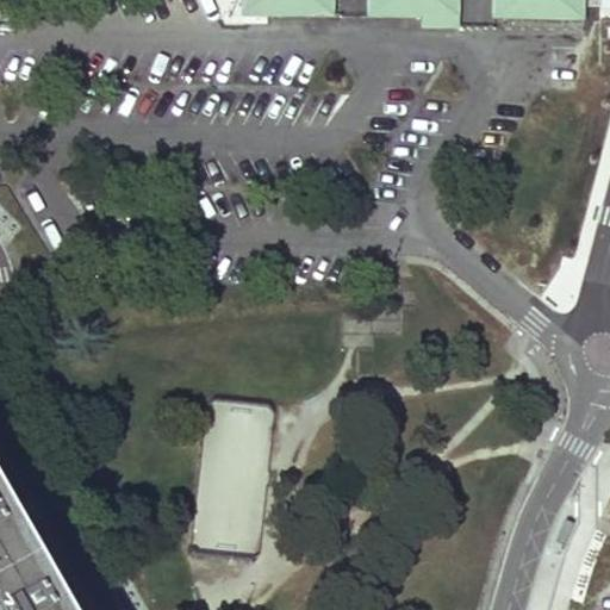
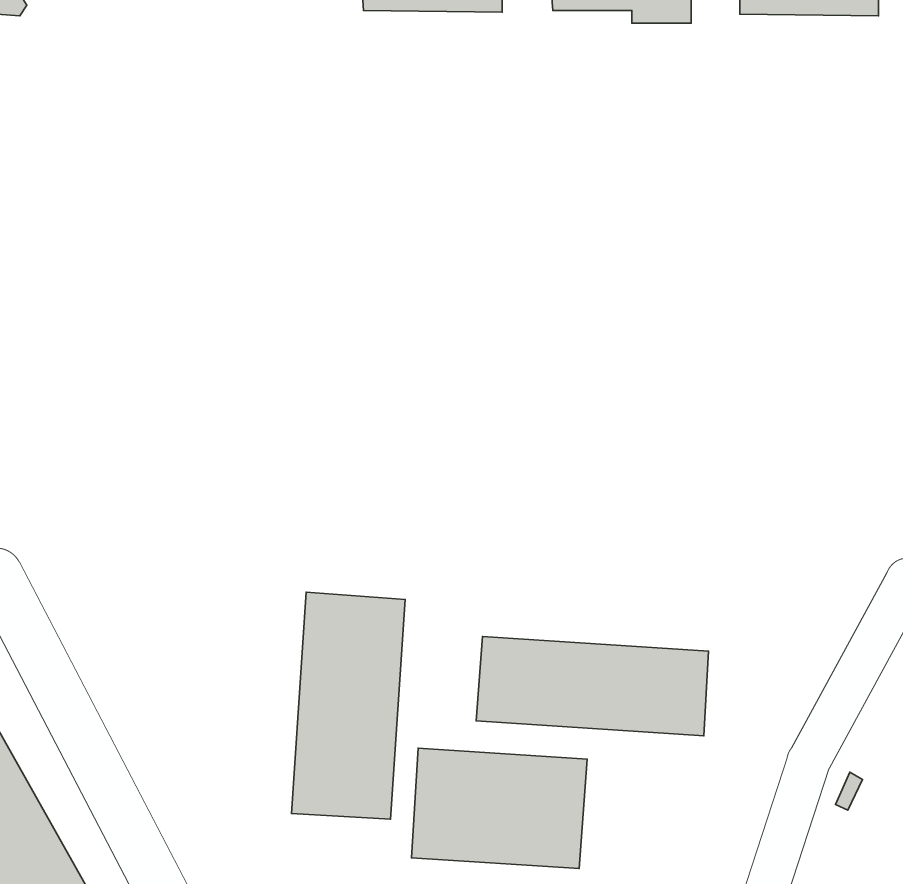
building: none -> [476,637,709,736]
building: none -> [412,748,587,869]

